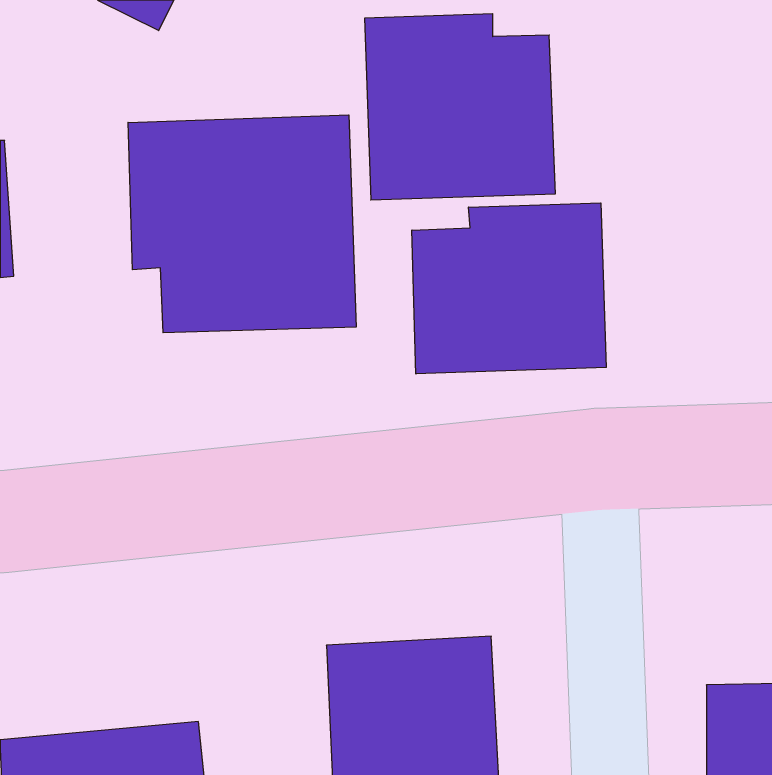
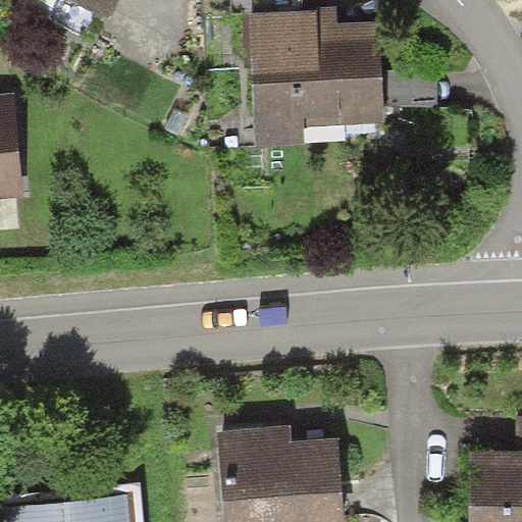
building: [128,115,356,333] -> none
building: [412,203,606,374] -> none

